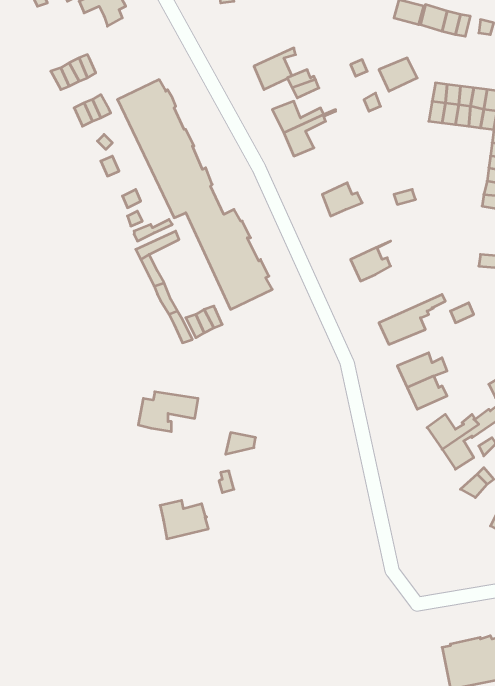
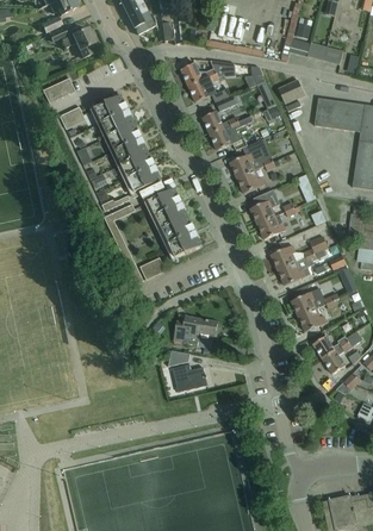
building: none -> [181,60,225,86]
building: none -> [230,148,266,177]
building: none -> [250,192,279,224]
building: none -> [271,236,328,269]
building: [138,392,198,432] -> [174,316,217,344]
building: [160,500,208,539] -> [173,364,207,392]

